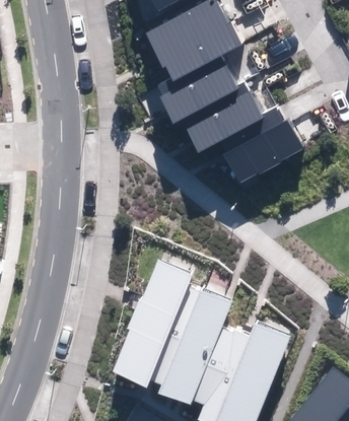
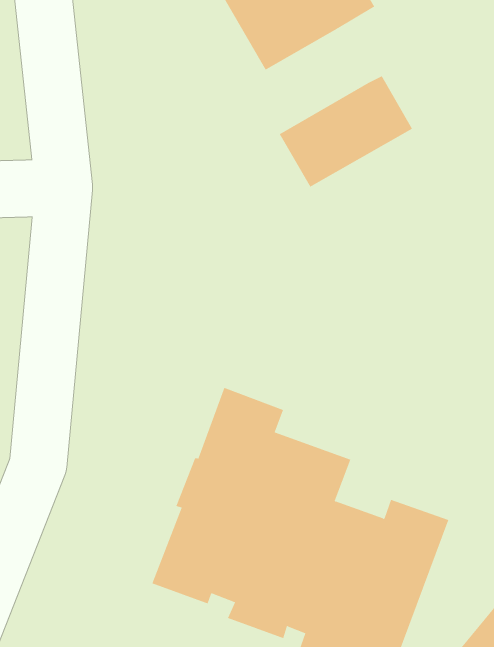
building: [162,48,241,114] -> none
building: [223,98,306,174] -> none

